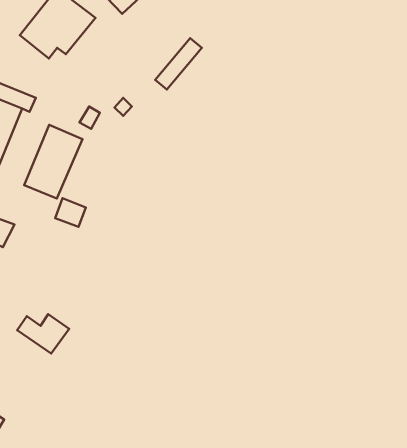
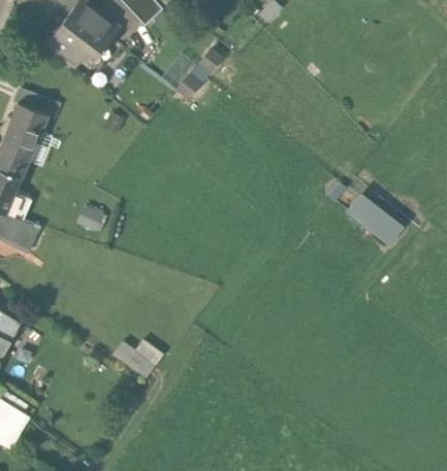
building: [24,125,82,198] -> none
building: none -> [346,193,404,244]
building: [17,314,69,353] -> [113,340,163,378]

